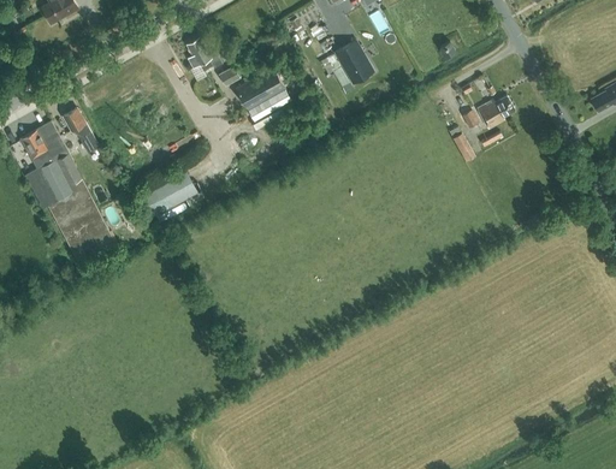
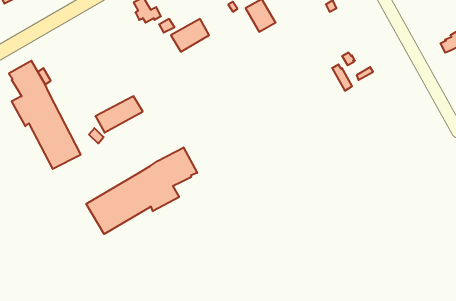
building: [475,95,515,129] -> none
building: [63,107,99,152] -> none
building: none -> [86,147,197,234]

